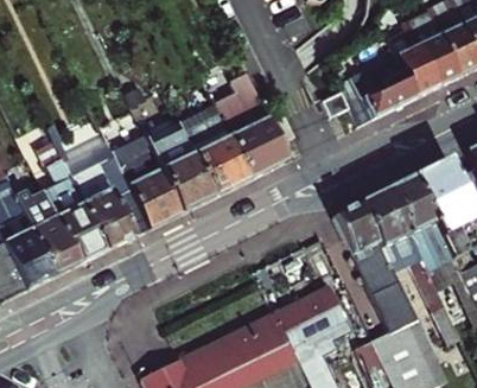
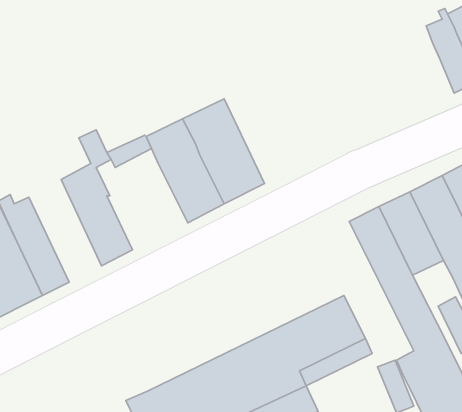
building: [345,56,425,127] -> none
building: [222,75,293,179] -> none
building: [31,140,114,266] -> none
building: [136,171,190,230] -> none

